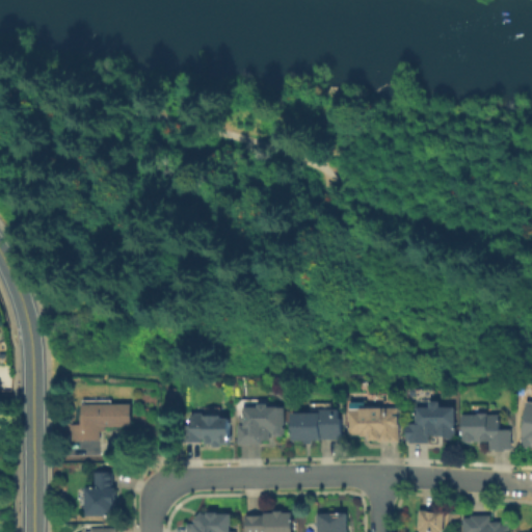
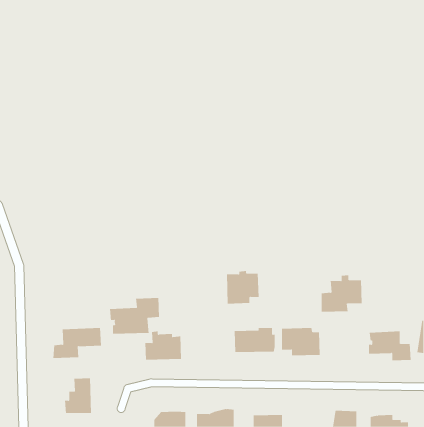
building: none -> [109,297,160,335]
building: [402,401,454,448] -> [321,275,363,312]
building: [240,404,282,446] -> [226,271,259,304]

